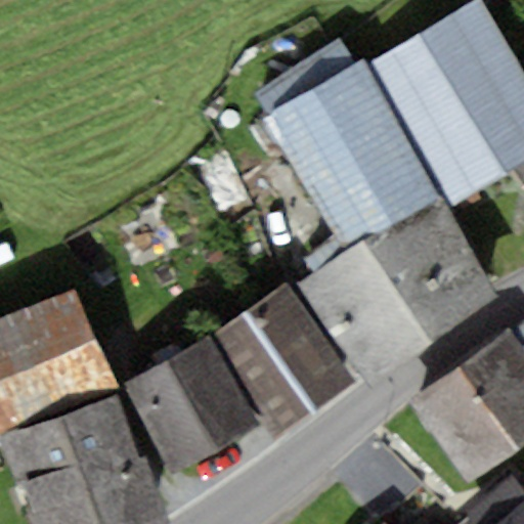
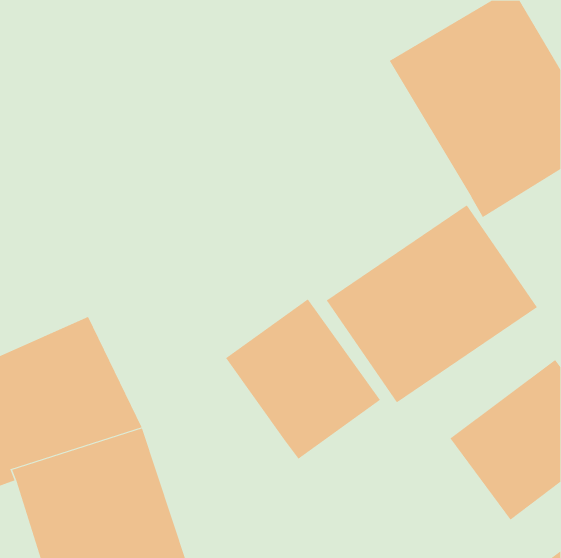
building: [262,56,436,235] -> none
building: [123,338,264,470] -> none

